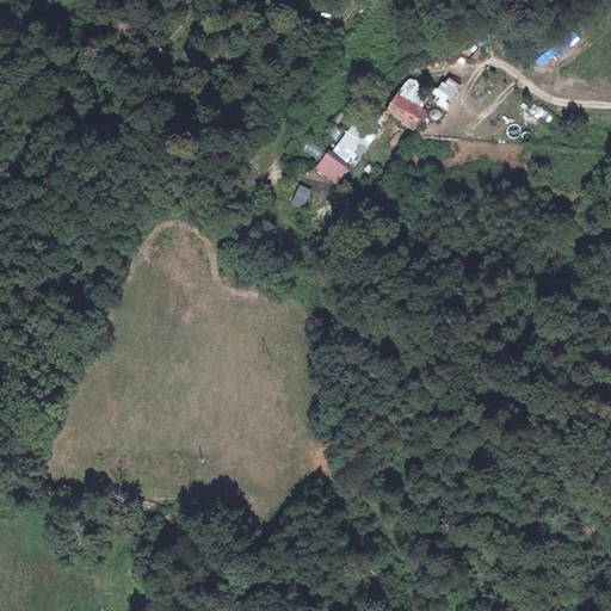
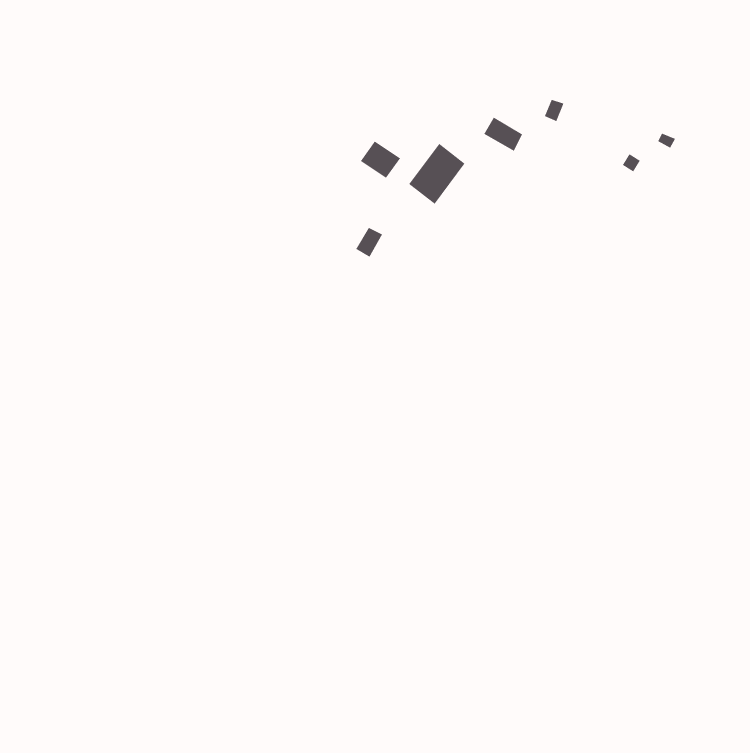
building: [313,152,346,183] -> [360,141,401,179]

